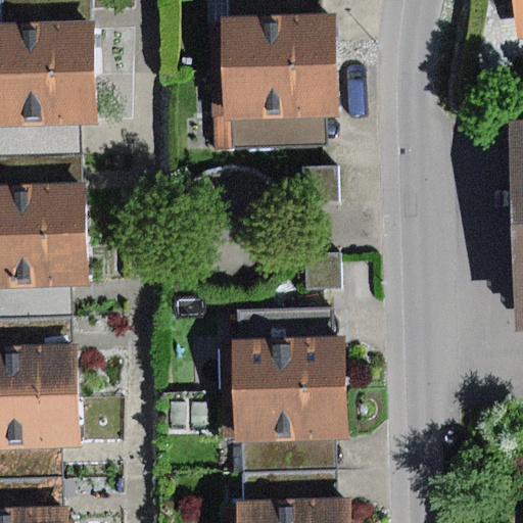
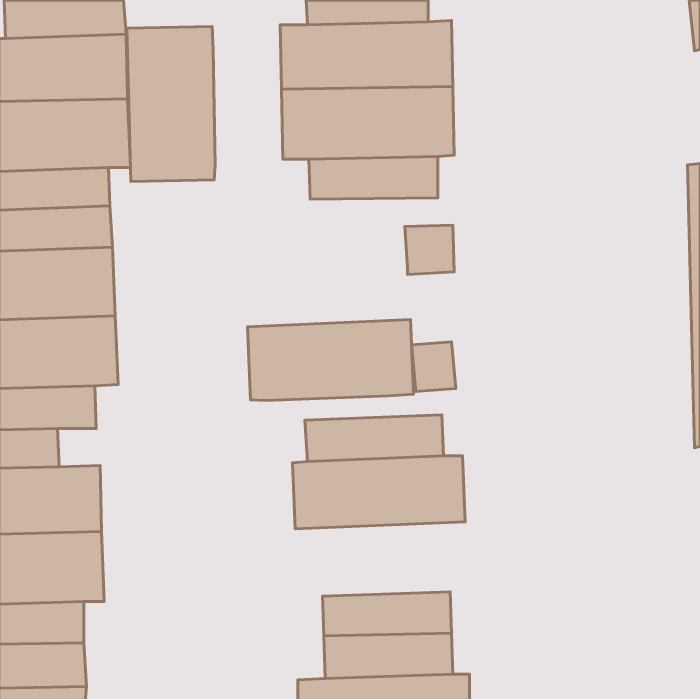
building: none -> [127,26,215,181]
building: none -> [248,320,414,400]
building: [220,390,347,446] -> none

